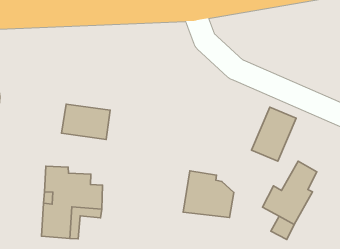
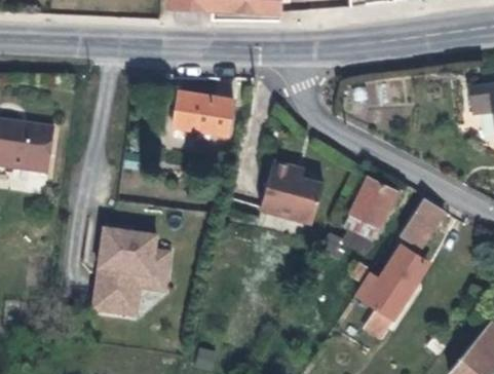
building: [62,104,110,140] -> [173,89,233,136]
building: none -> [400,194,443,240]
building: [183,171,234,217] -> [263,161,326,221]

